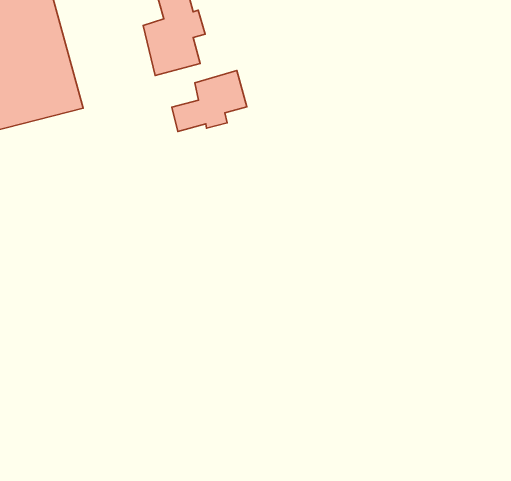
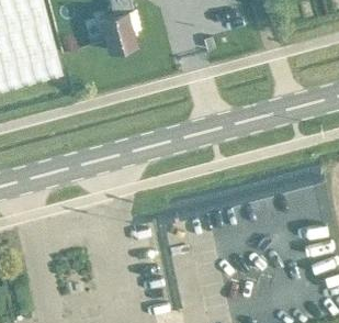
building: [172,70,247,131] -> none

